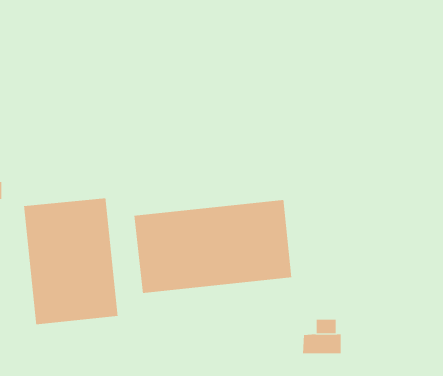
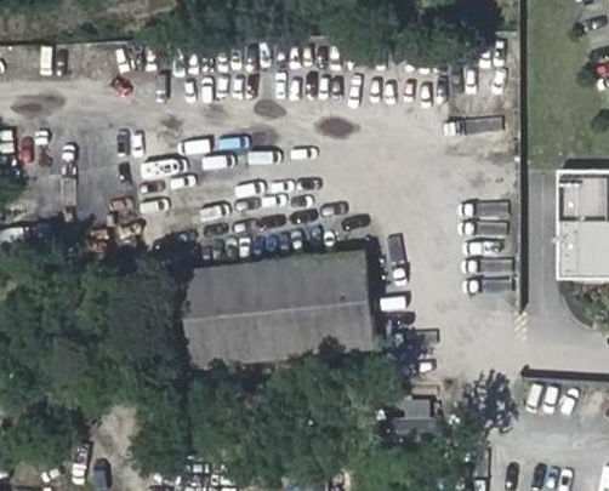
building: [24,198,118,325] -> none

